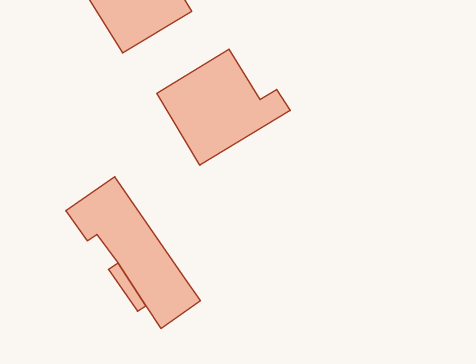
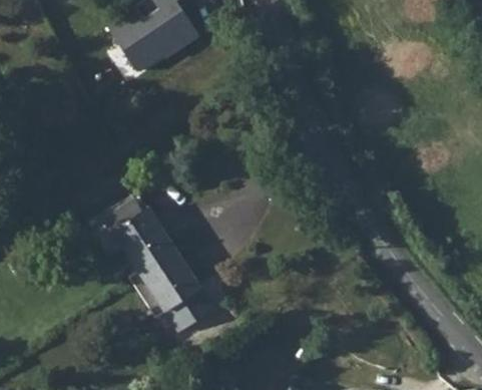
building: [157,49,290,165] -> none

